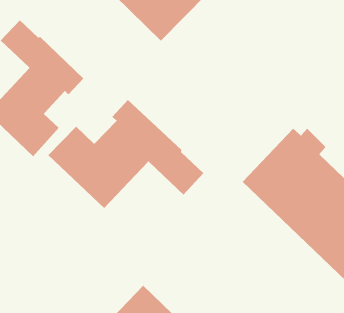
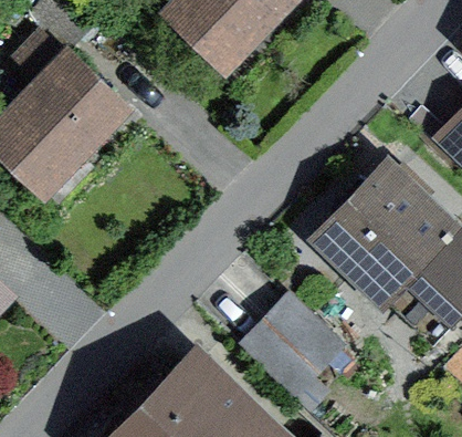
building: [47,99,204,209] -> none
building: none -> [245,295,339,389]

